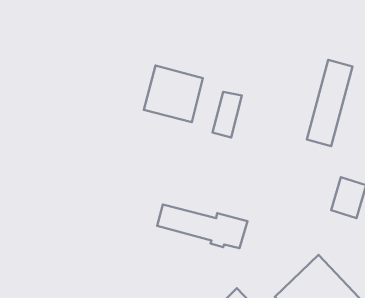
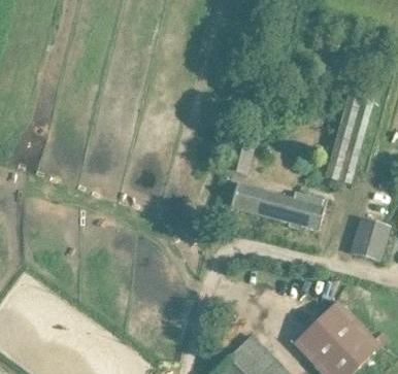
building: [144,65,203,122] -> none
building: [157,205,247,248] -> [231,182,327,229]

